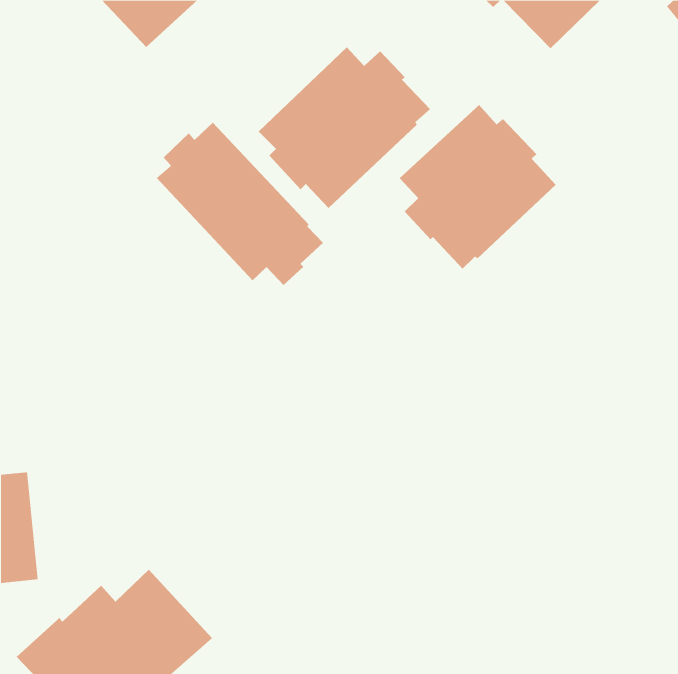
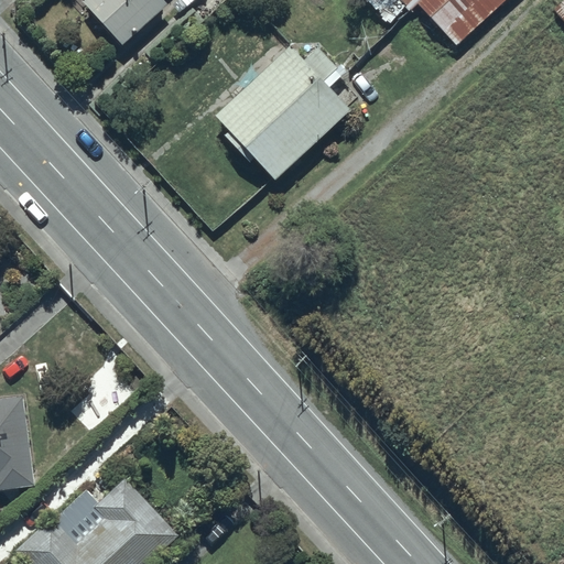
building: [399,104,557,270] -> none
building: [156,122,324,286] -> none

